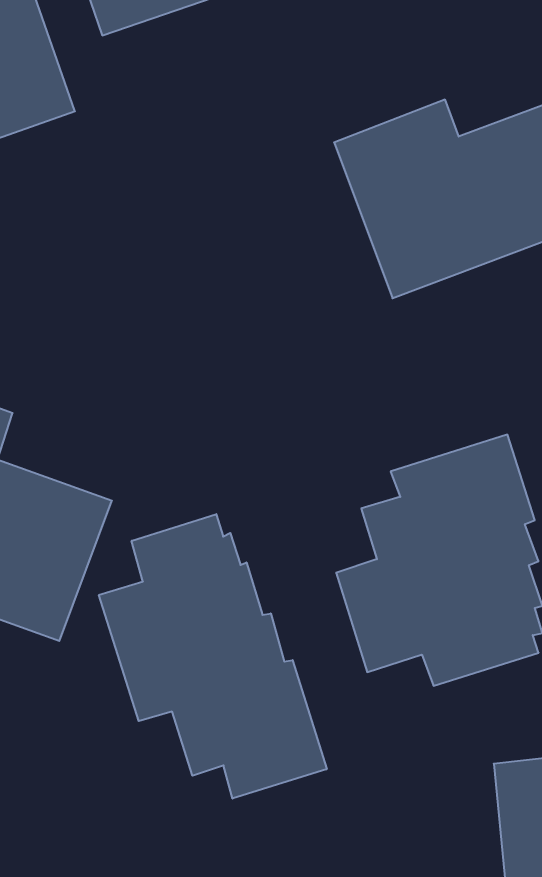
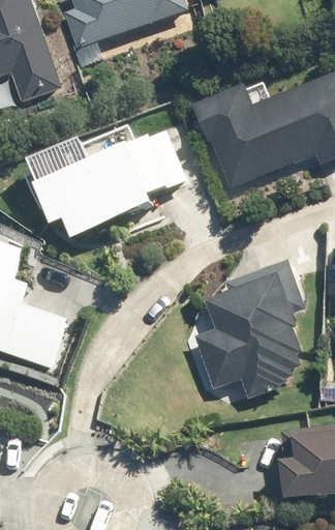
building: none -> [33,125,197,235]
building: [99,514,327,799] -> none

